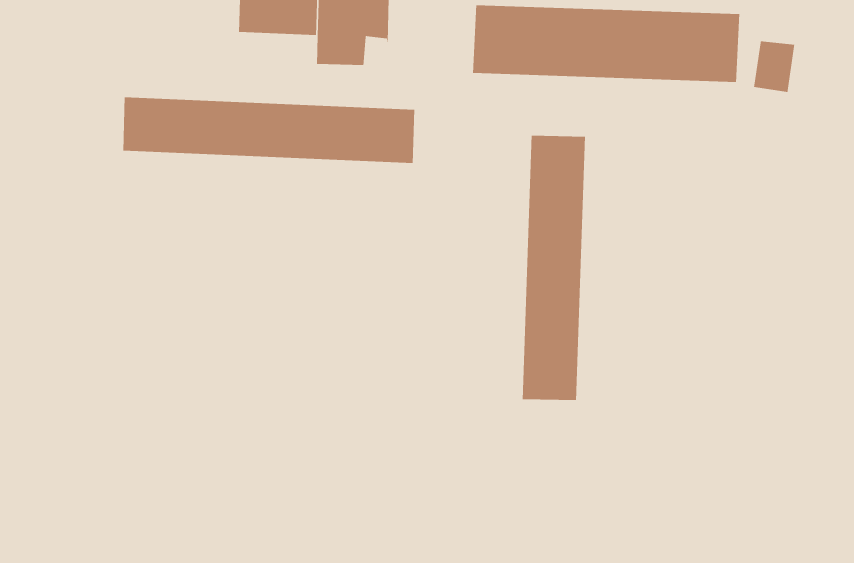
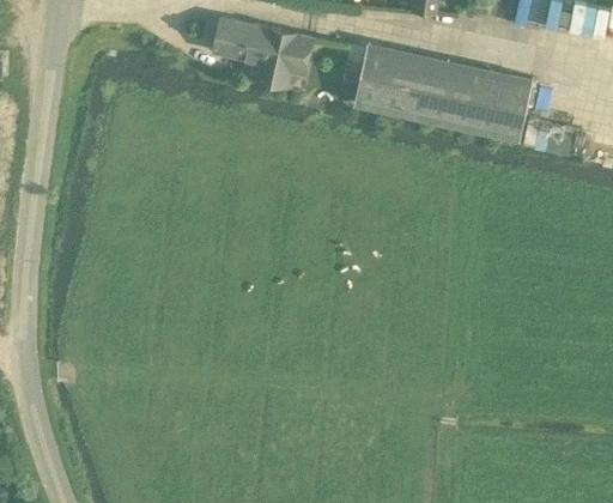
building: [122,97,415,164] -> none
building: [522,135,586,401] -> none

